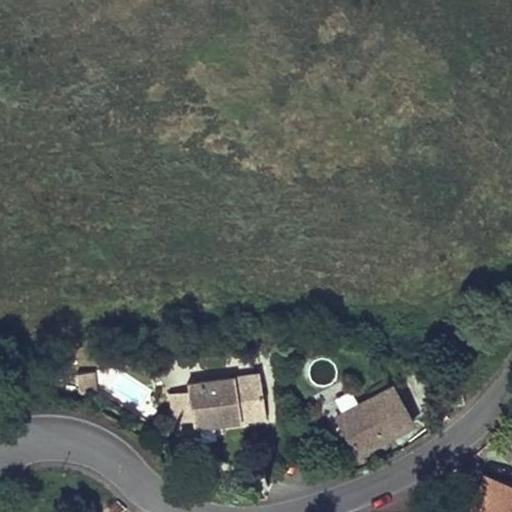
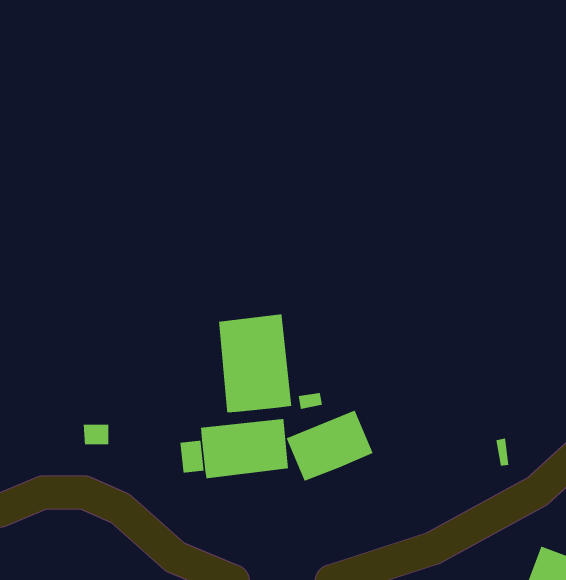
building: none -> [219,314,292,413]
building: [329,400,406,463] -> [286,410,373,482]

